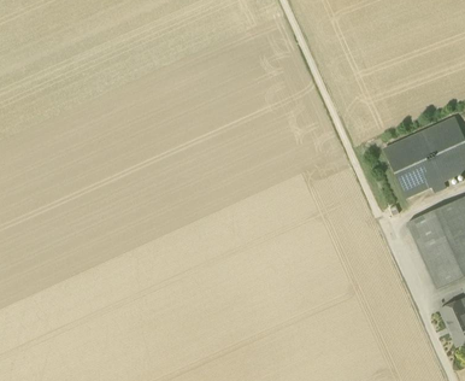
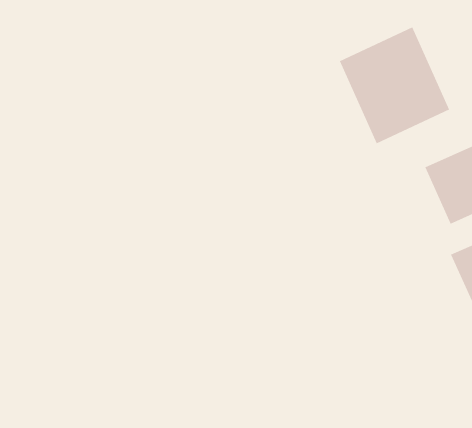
building: none -> [339,27,450,144]

